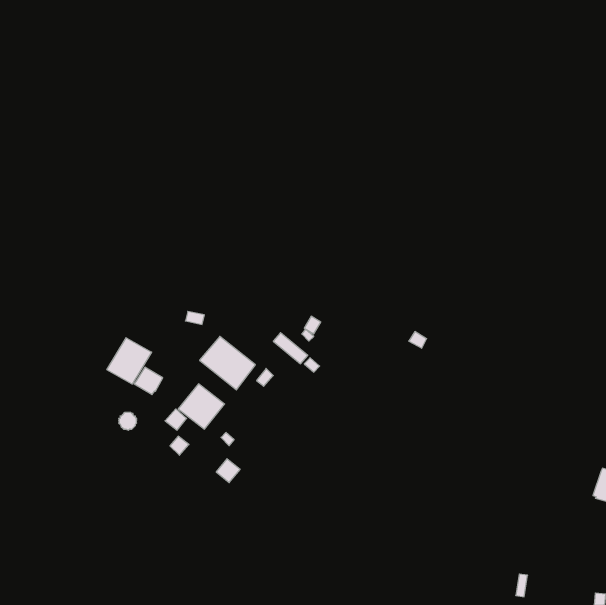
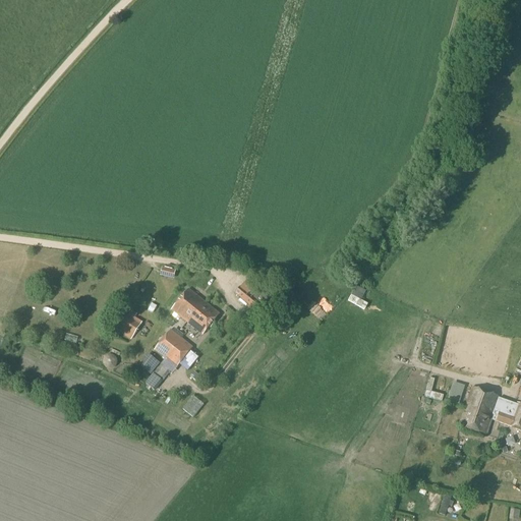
building: [107,338,152,384] -> none
building: none -> [459,386,501,433]

